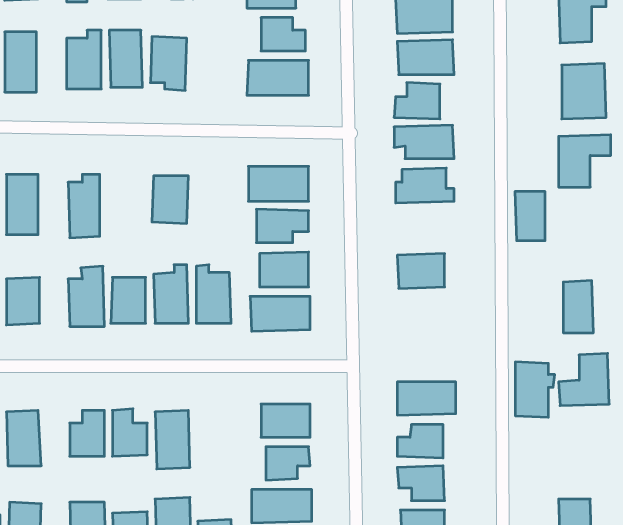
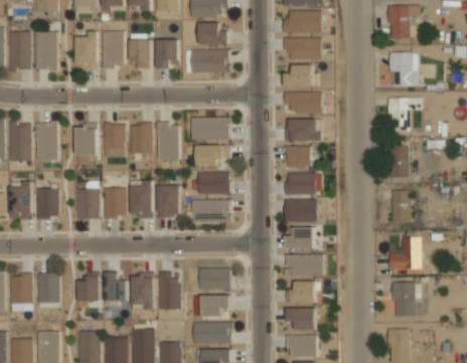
building: none -> [156,39,177,69]
building: none -> [103,123,125,158]
building: none -> [157,124,177,159]
building: [515,192,545,241] -> [387,146,407,177]
building: none -> [285,146,310,168]
building: none -> [284,200,316,222]
building: none -> [285,227,313,248]
building: [515,362,555,417] -> [393,282,418,317]
building: none -> [158,274,179,310]

